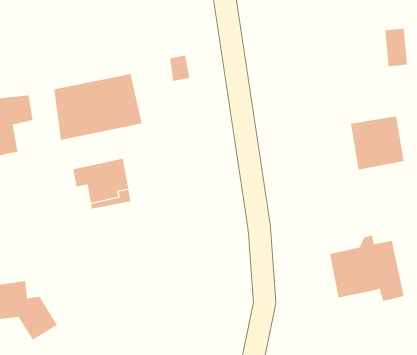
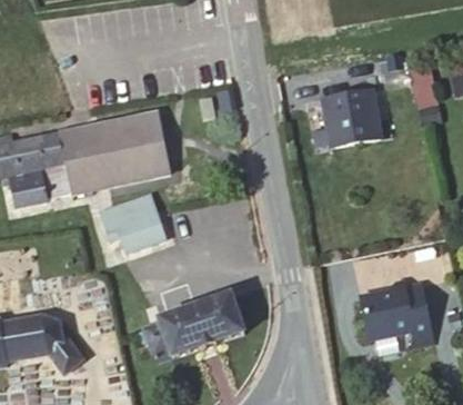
building: none -> [42,128,89,188]
building: [350,116,405,170] -> [322,91,376,146]
building: none -> [135,292,252,368]

